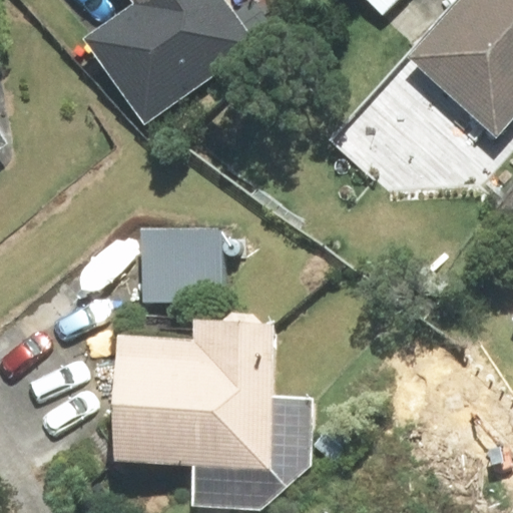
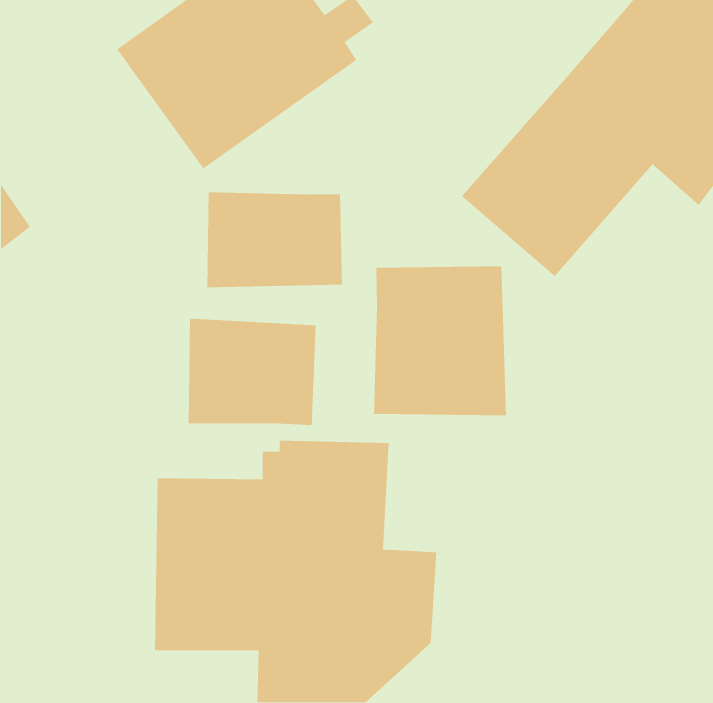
building: none -> [207,192,343,288]
building: none -> [373,266,507,416]

